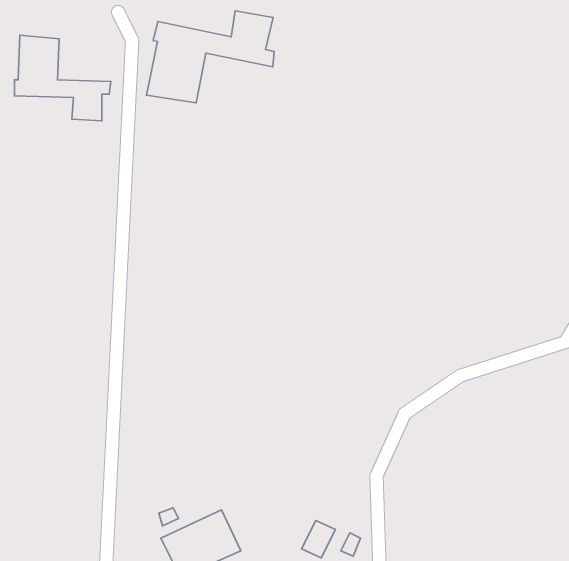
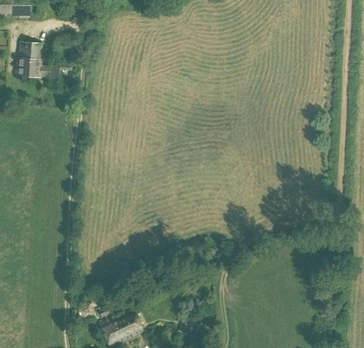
building: [146,11,274,103] -> none

